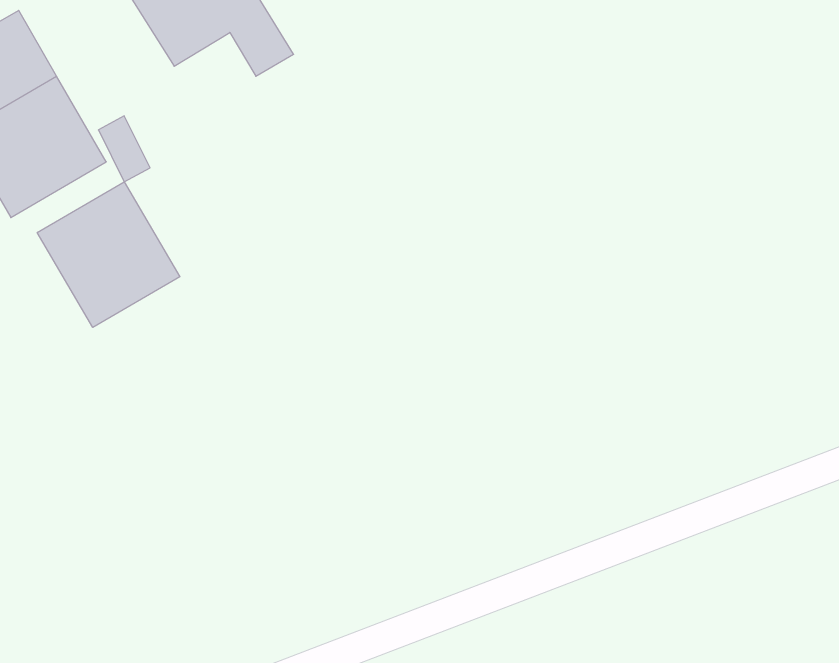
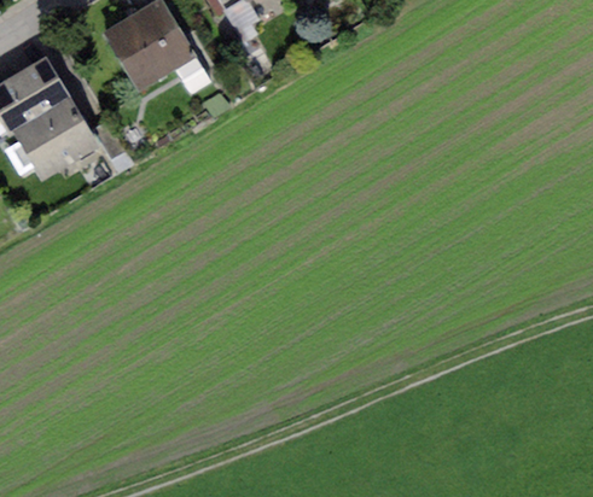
building: [37,182,180,327] -> none

